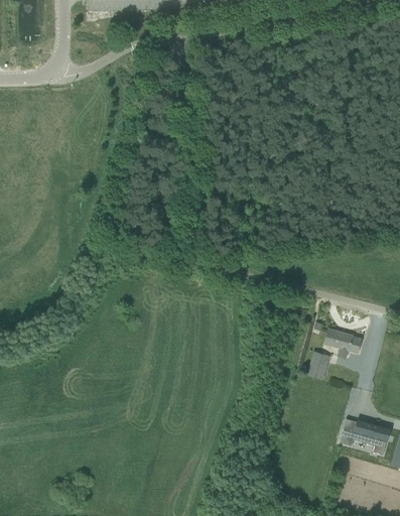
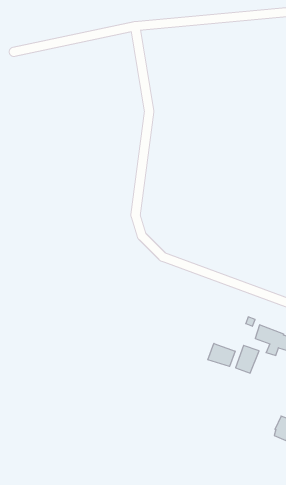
building: none -> [208,343,235,366]

